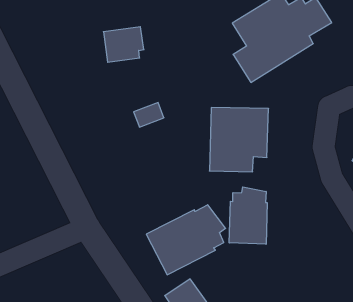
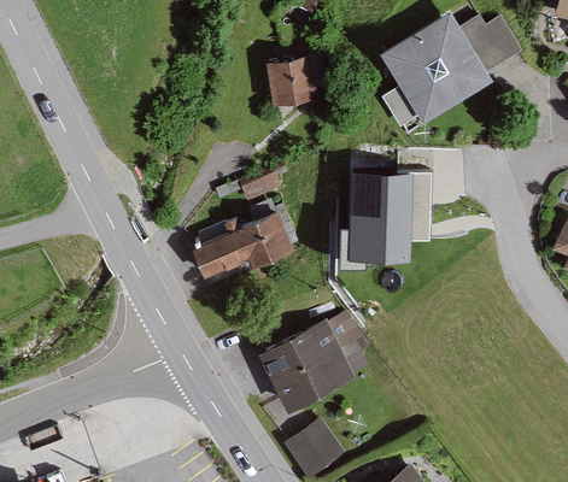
building: [103,27,144,62] -> [267,54,324,105]
building: none -> [192,212,294,277]
building: [229,187,267,244] -> none

